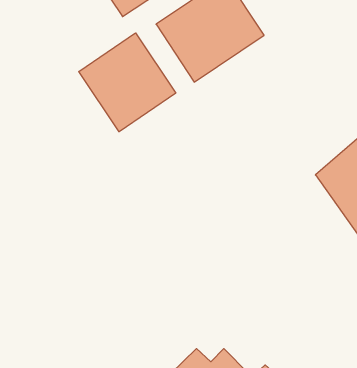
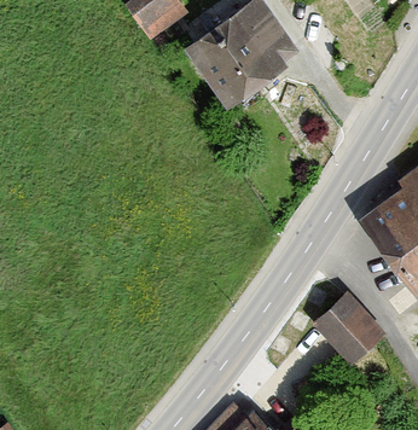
building: [79,33,176,132] -> none
building: none -> [312,292,384,366]

